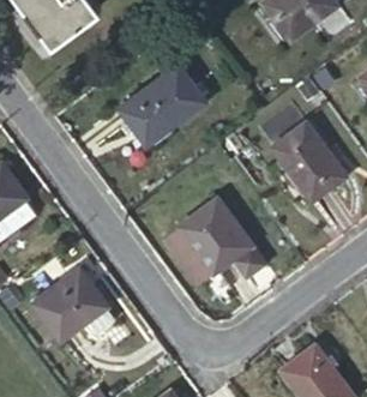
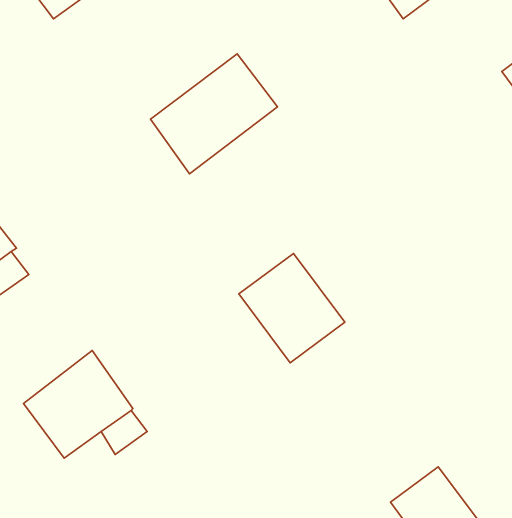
building: [270,122,343,200] -> none

